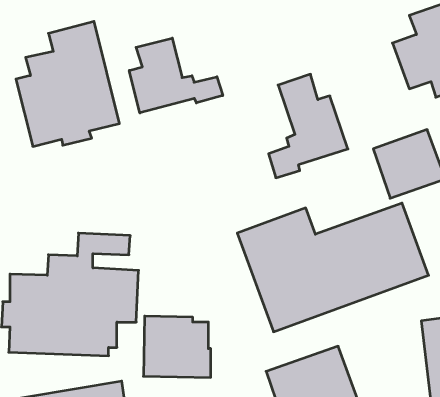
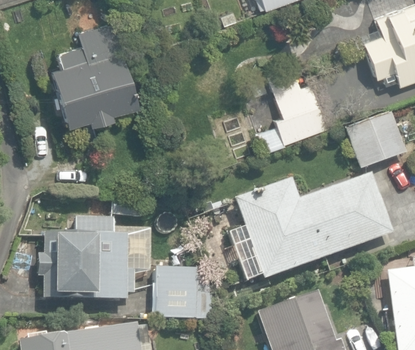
building: [129,38,223,113] -> none

